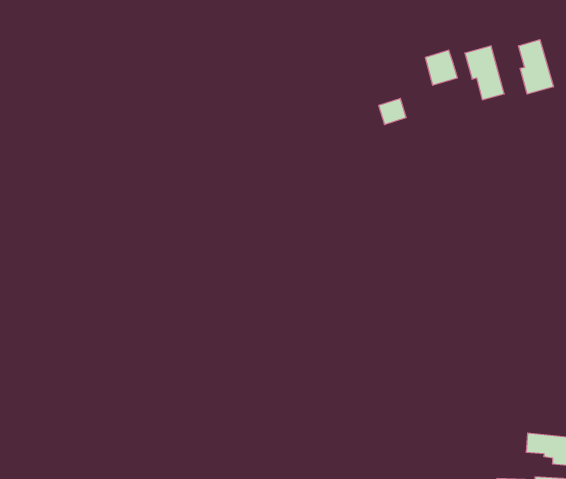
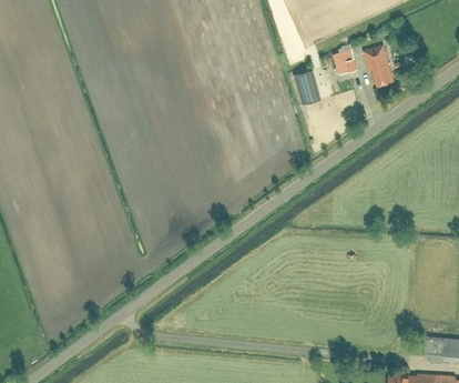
building: [518,40,553,94] -> none

